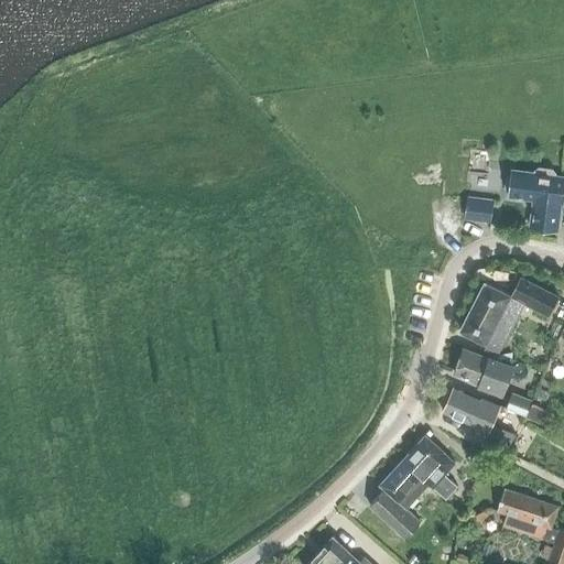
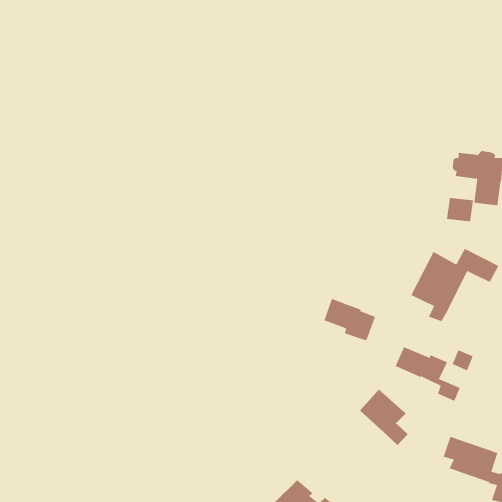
building: [463,197,494,225] -> [446,197,474,222]
building: [455,349,513,398] -> [324,298,376,341]
building: [370,460,430,540] -> none

